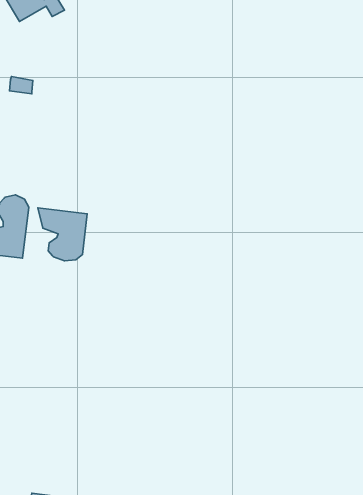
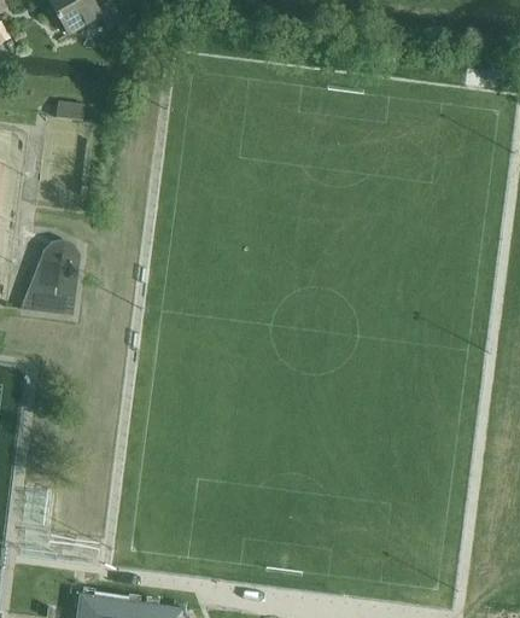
building: [38,208,87,261] -> none

